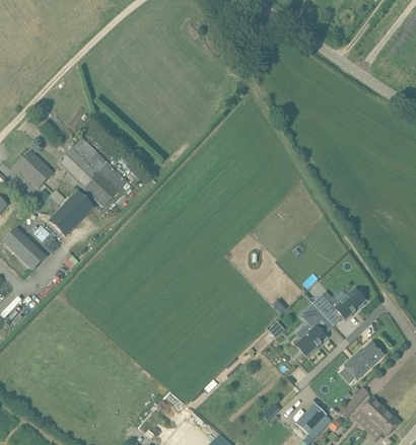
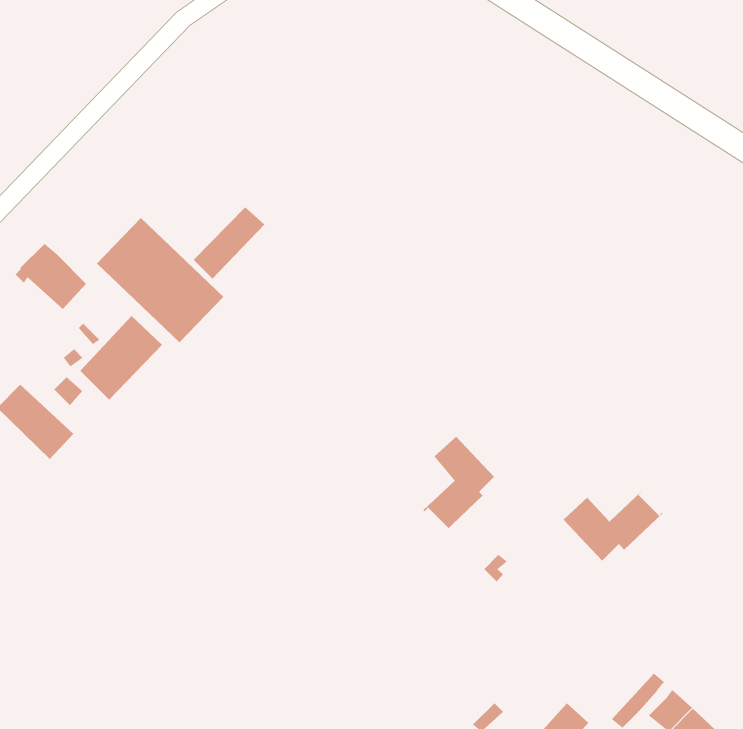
building: none -> [193,206,265,280]
building: [294,293,334,356] -> [423,418,495,533]
building: [343,341,384,378] -> none

